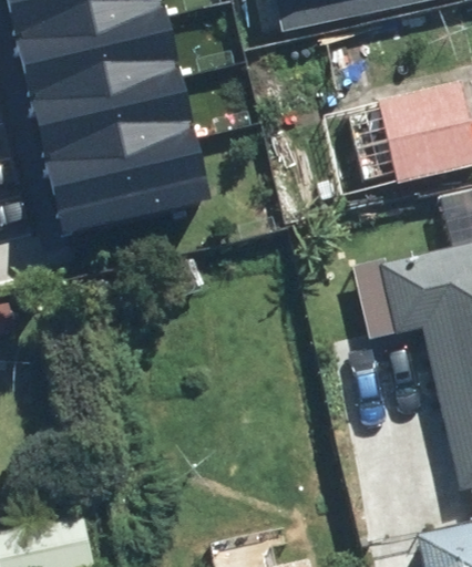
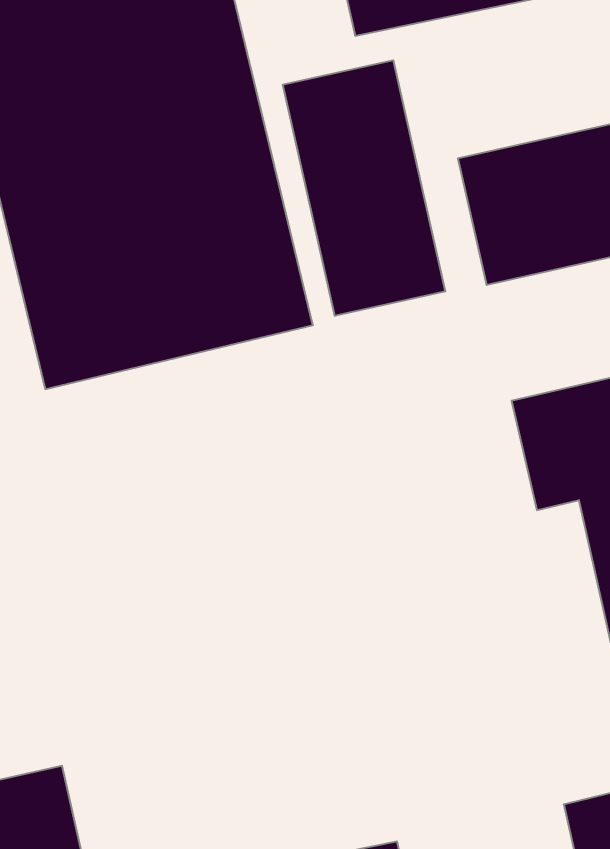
building: none -> [283,60,445,316]

